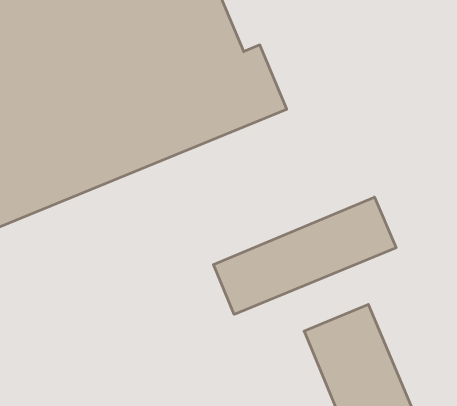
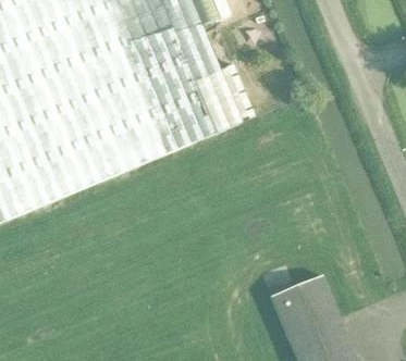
building: [213,197,396,314] -> none

